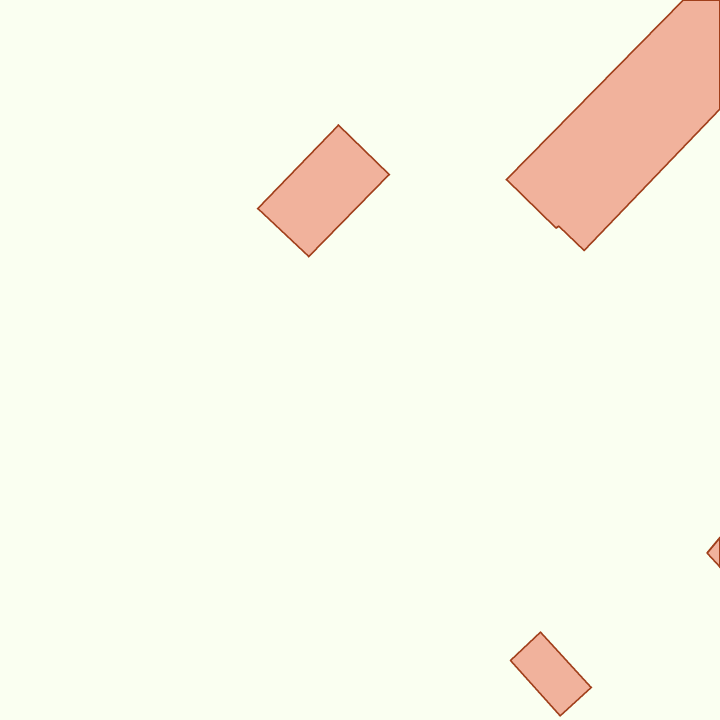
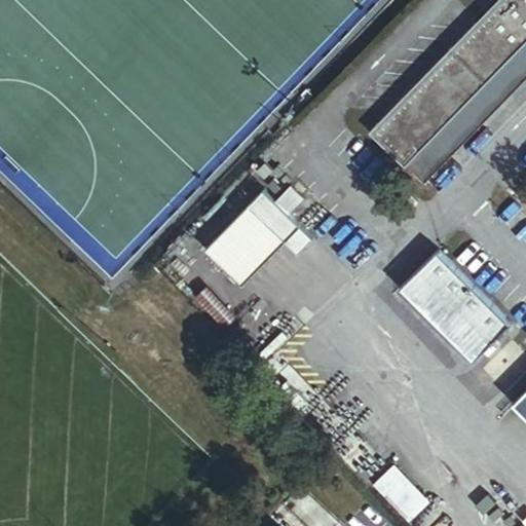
building: [258,125,389,257] -> [204,190,300,286]
building: none -> [398,251,511,363]

